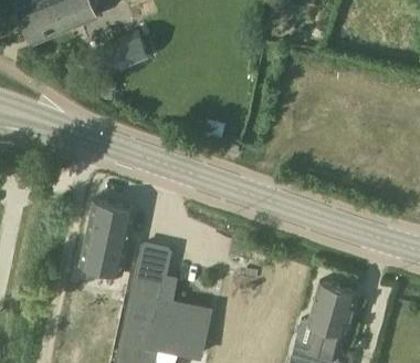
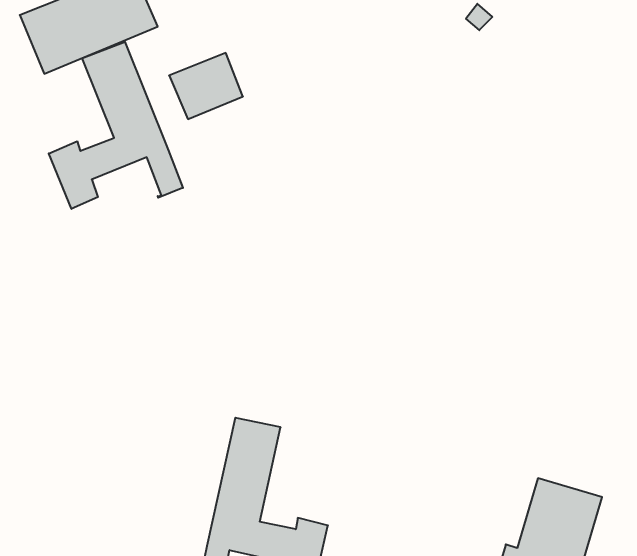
building: none -> [49,42,183,209]
building: [80,201,135,273] -> none

